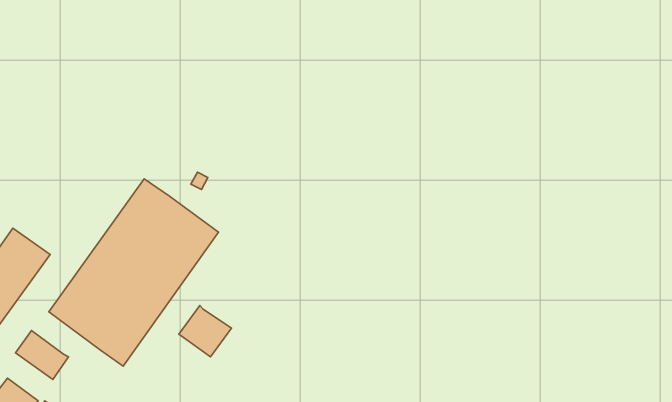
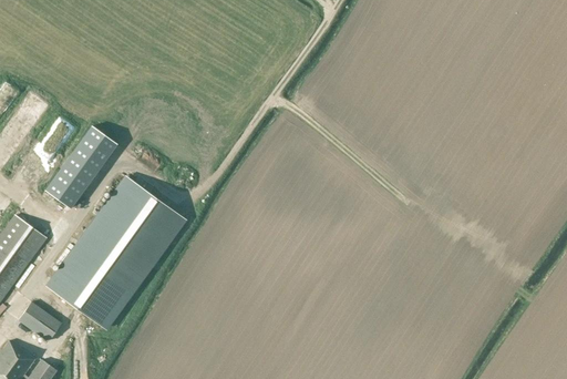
building: none -> [44,124,117,208]
building: [179,305,231,357] -> none

